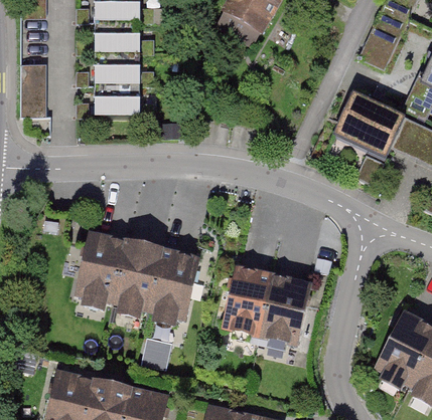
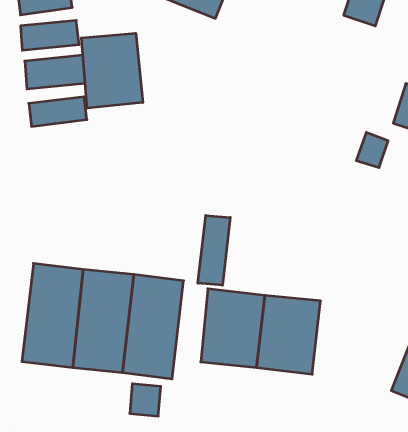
building: none -> [81,33,143,108]
building: [334,89,404,155] -> none
building: none -> [198,215,230,285]

